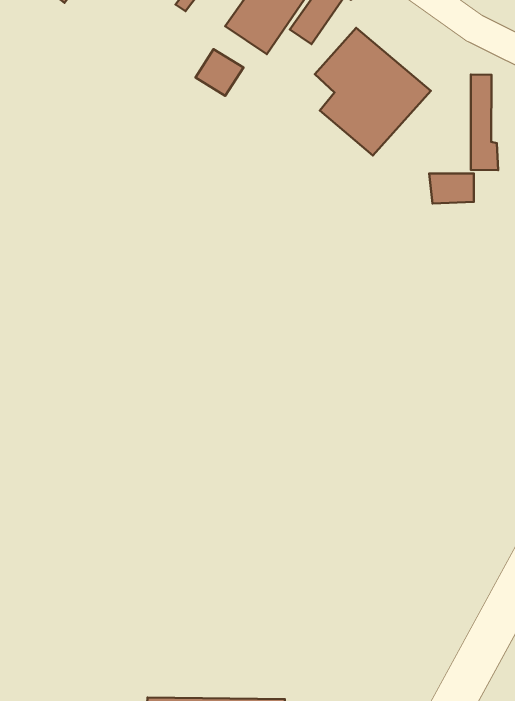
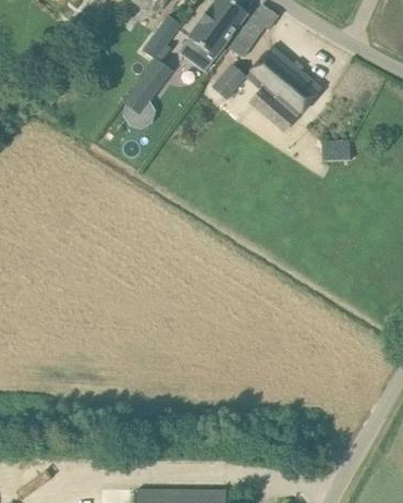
building: none -> [124,61,170,113]
building: none -> [210,64,245,100]
building: [471,75,498,170] -> none

